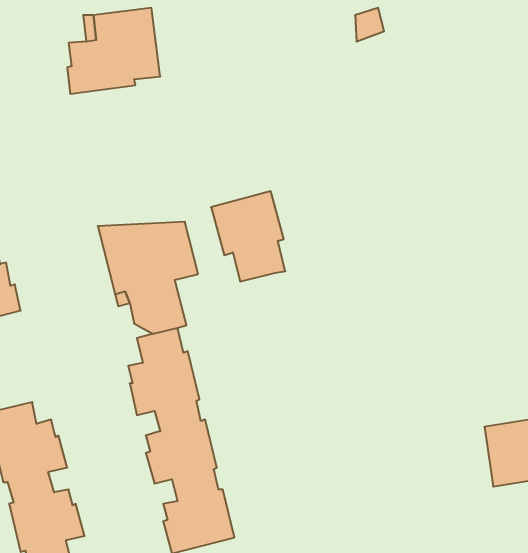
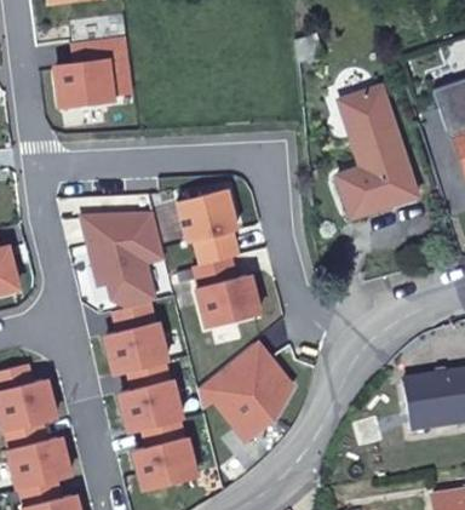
building: none -> [338,87,414,216]
building: none -> [195,254,260,325]
building: none -> [199,340,292,439]

